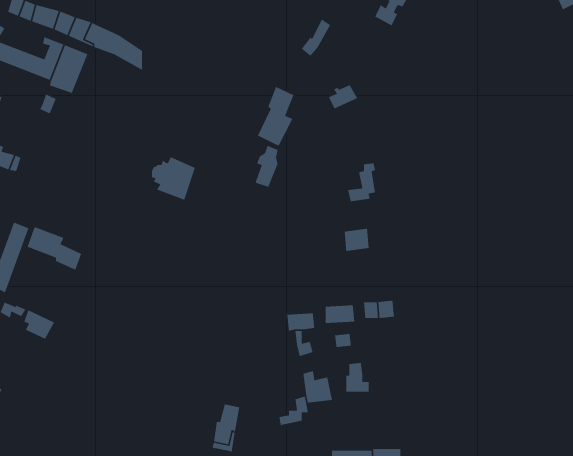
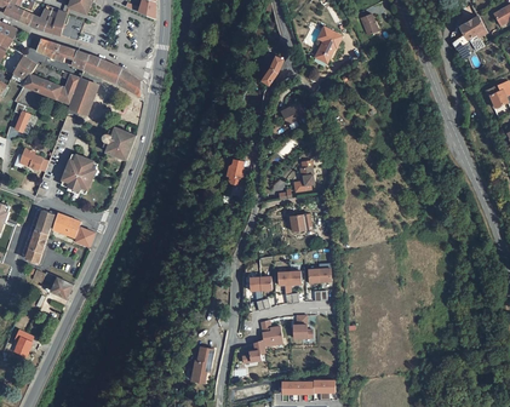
building: [257,86,294,146] -> none
building: none -> [61,151,98,191]
building: [151,156,196,201] -> [101,125,134,159]

